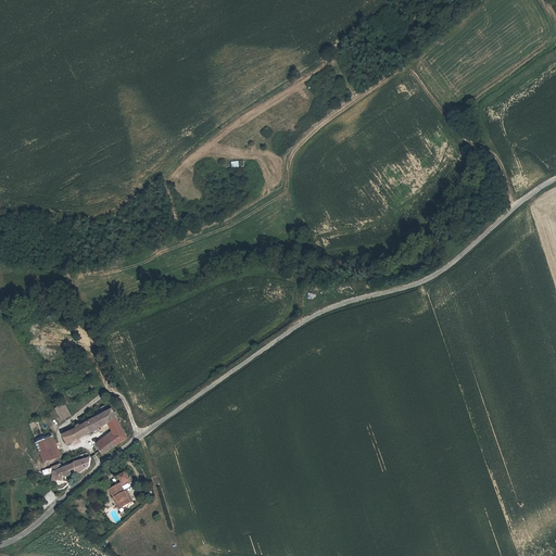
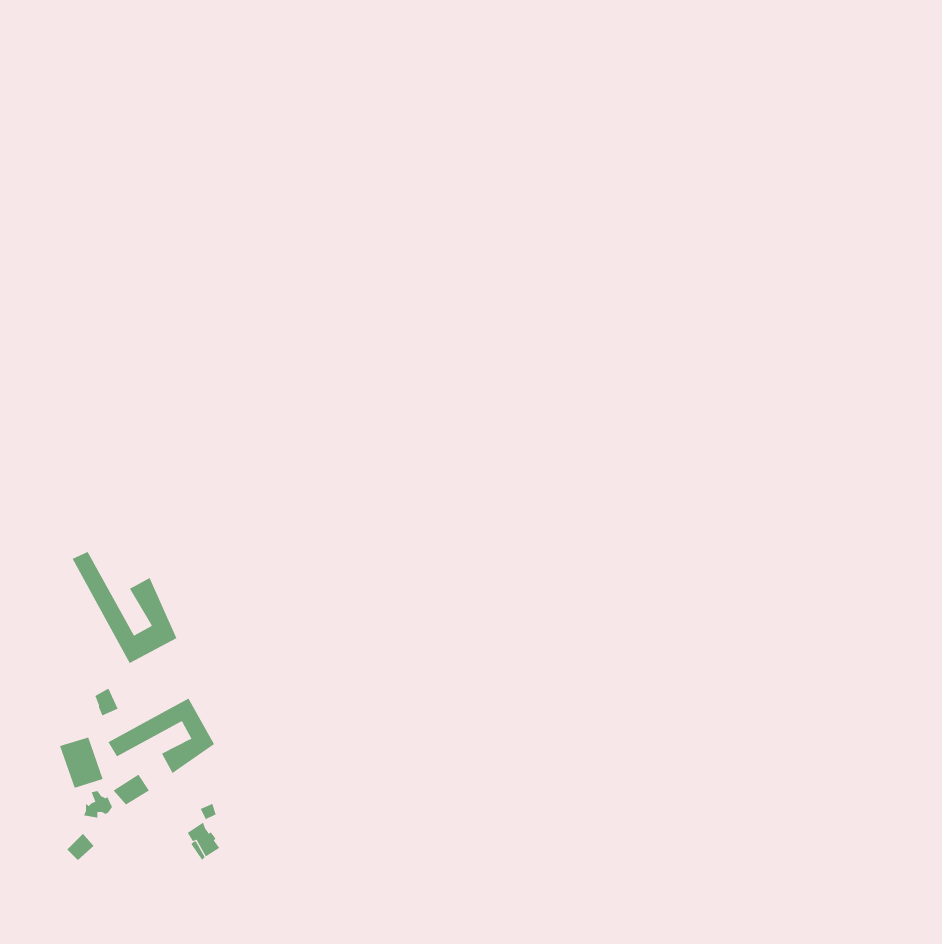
building: none -> [72,551,177,664]

